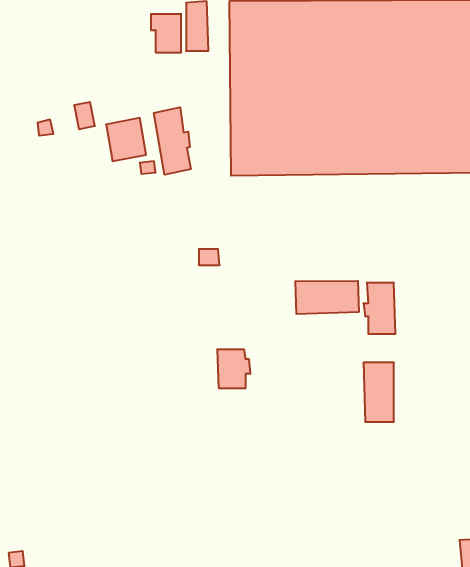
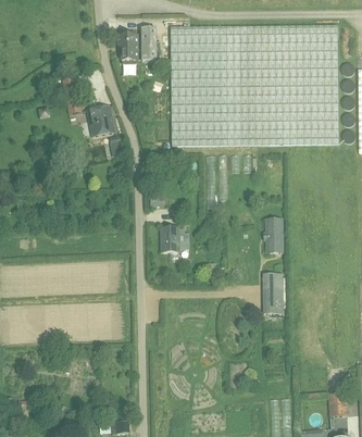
building: [154,107,191,175] -> none
building: [296,281,359,314] -> none
building: [217,350,251,388] -> [160,226,183,252]

